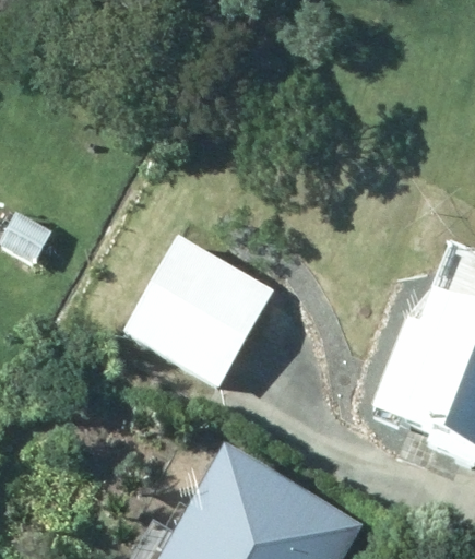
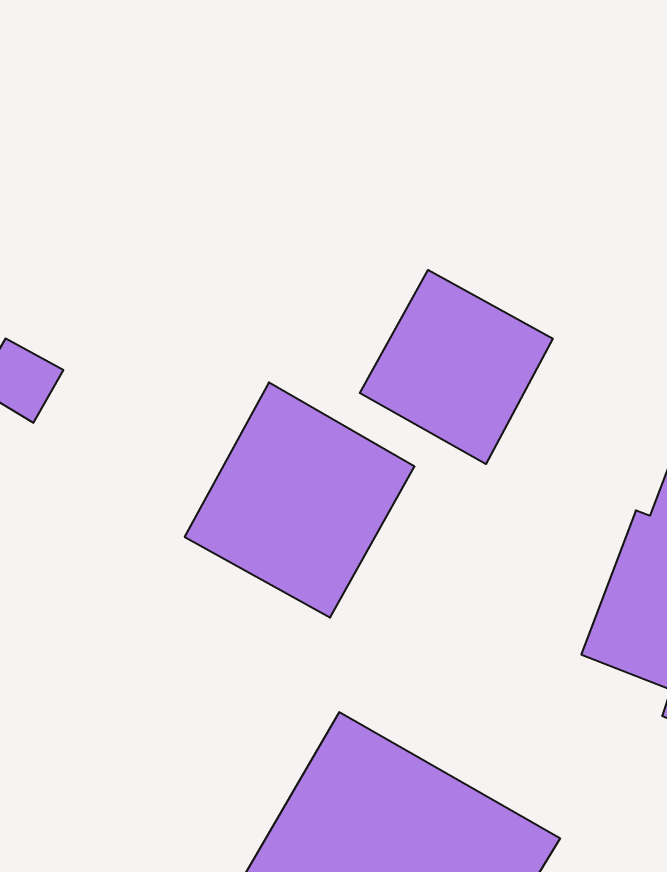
building: none -> [360,270,553,464]

